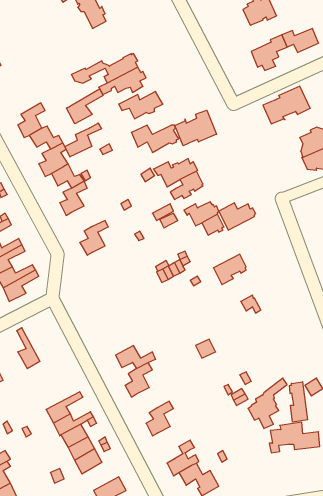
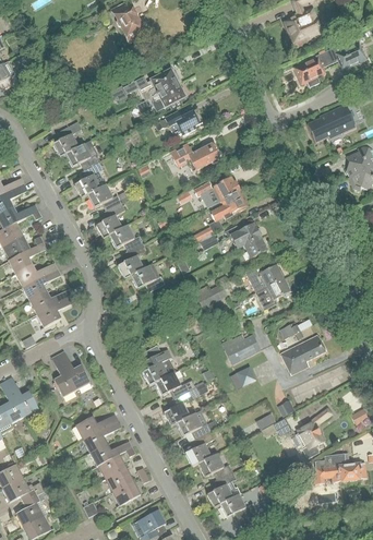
building: [66,89,103,124] -> none
building: [175,110,217,146] -> none
building: [65,123,102,157] -> none
building: [219,203,256,230] -> [245,263,284,291]
building: none -> [108,225,143,249]
building: none -> [130,262,164,291]
building: none -> [225,333,261,362]
building: none -> [279,333,325,373]
building: none -> [142,349,176,385]
building: none -> [57,350,89,388]
building: [289,382,308,422] -> none
building: none -> [176,412,218,436]
building: none -> [74,413,117,439]
building: none -> [197,453,231,477]

